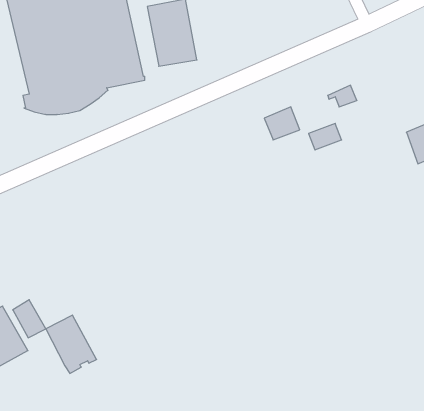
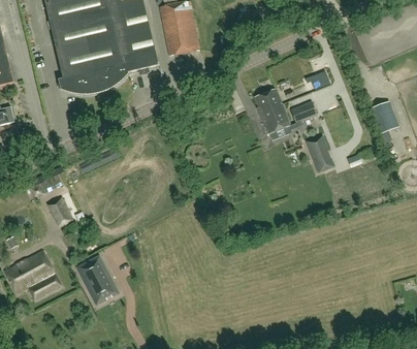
building: none -> [261,106,290,133]
building: none -> [306,134,334,173]
building: [13,300,46,338] -> [46,195,73,226]

